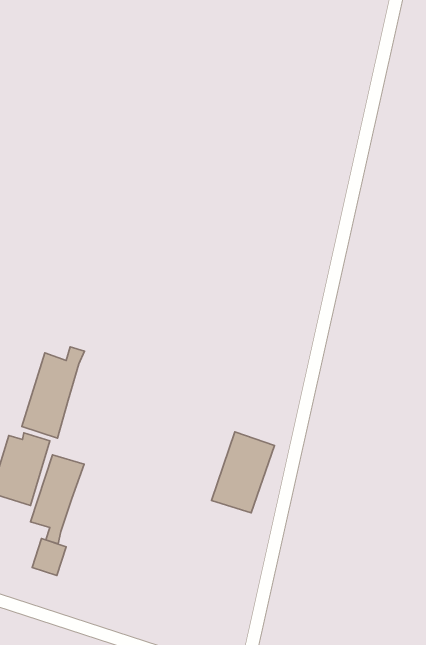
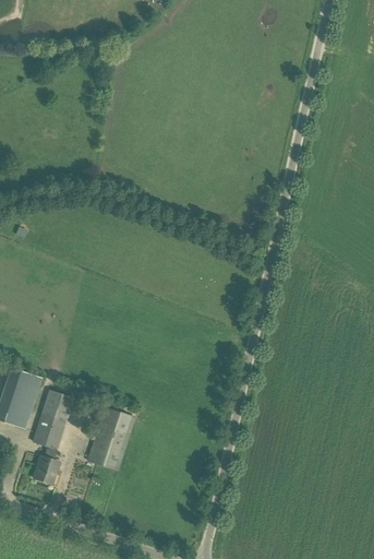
building: [22,347,84,438] -> none
building: [211,432,275,513] -> [85,406,135,471]

